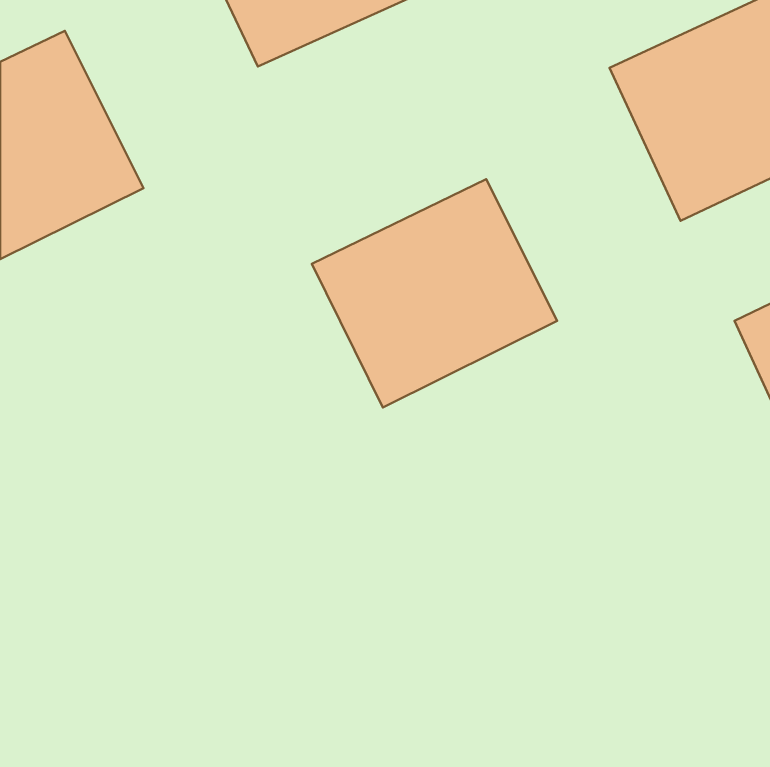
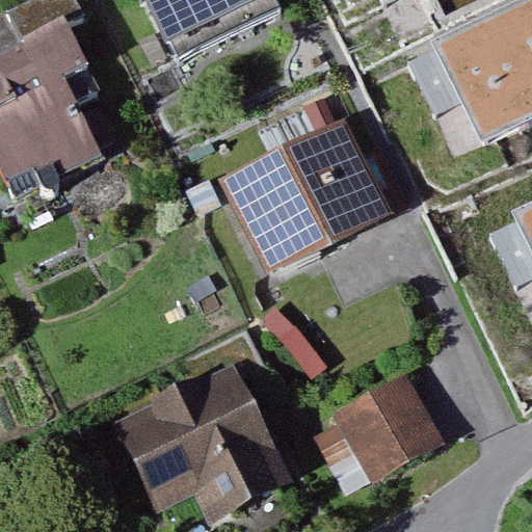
building: none -> [112,369,276,510]
building: none -> [320,369,448,484]

